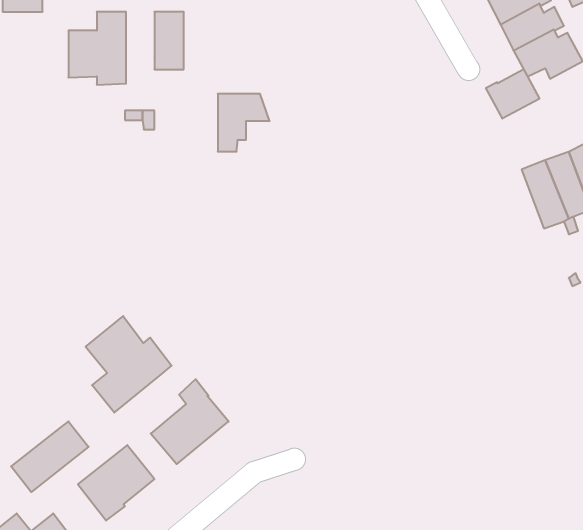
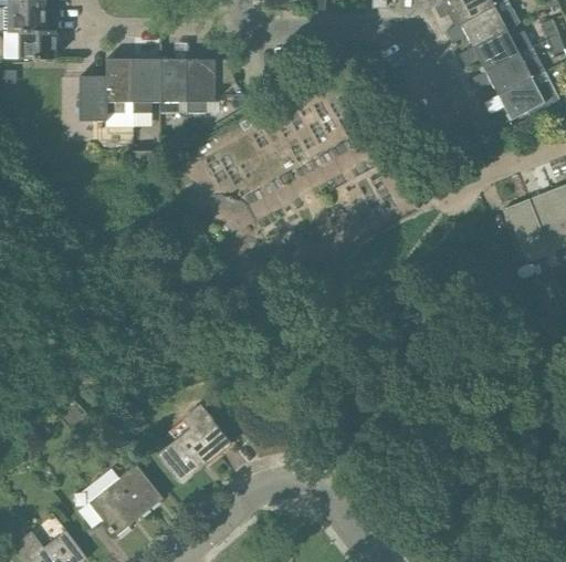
building: none -> [134,58,160,113]
building: [486,69,539,119] -> none
building: [218,94,270,152] -> [188,58,237,112]
building: [86,316,172,413] -> none
building: [11,421,89,492] -> none

